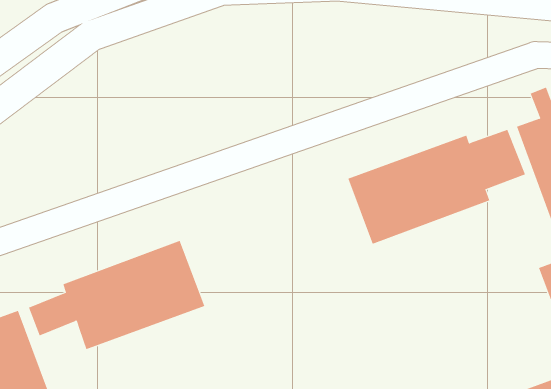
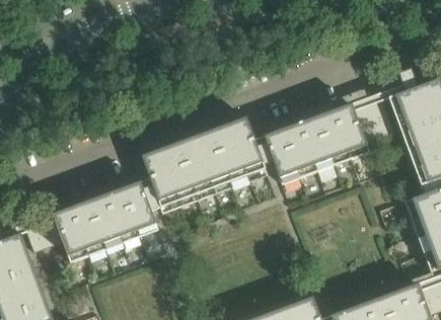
building: none -> [141,116,268,213]

